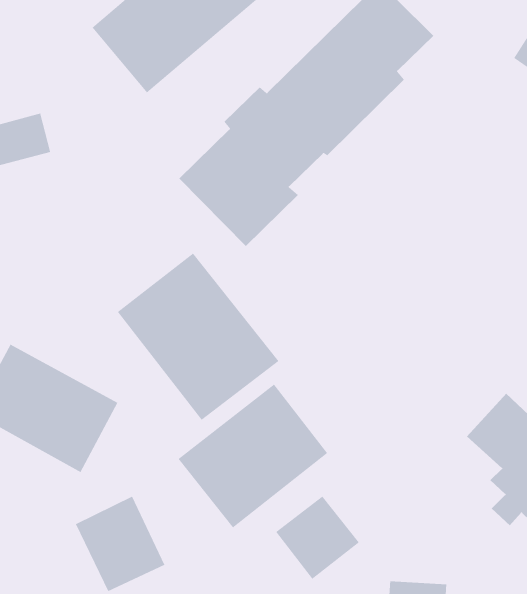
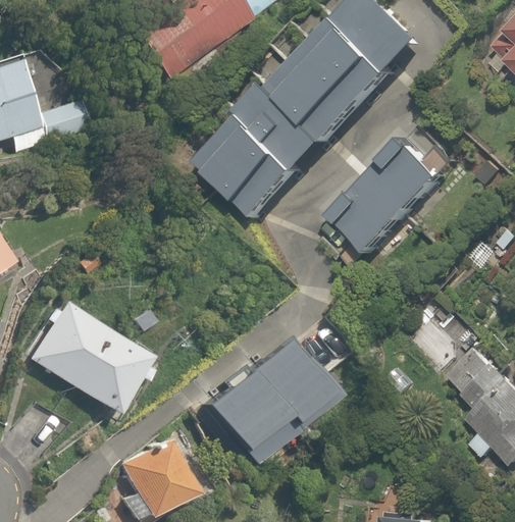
building: none -> [330,132,446,251]
building: [117,253,279,421] -> none
building: [275,495,360,580] -> none

